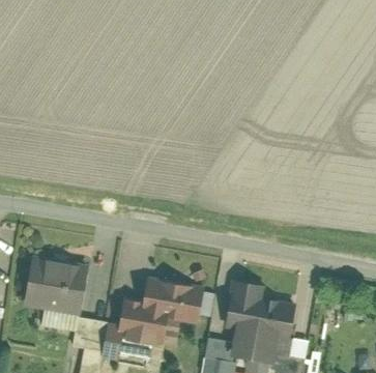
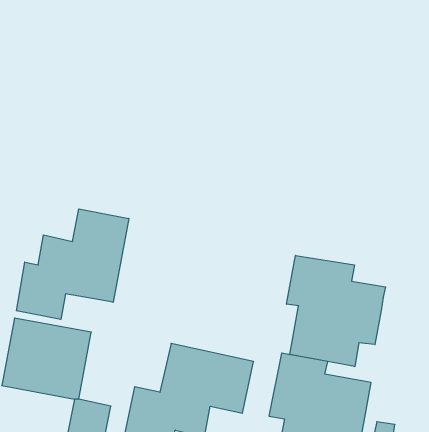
building: none -> [16,209,129,319]
building: none -> [287,255,385,367]

